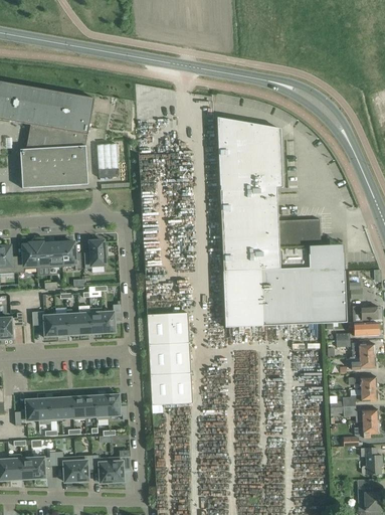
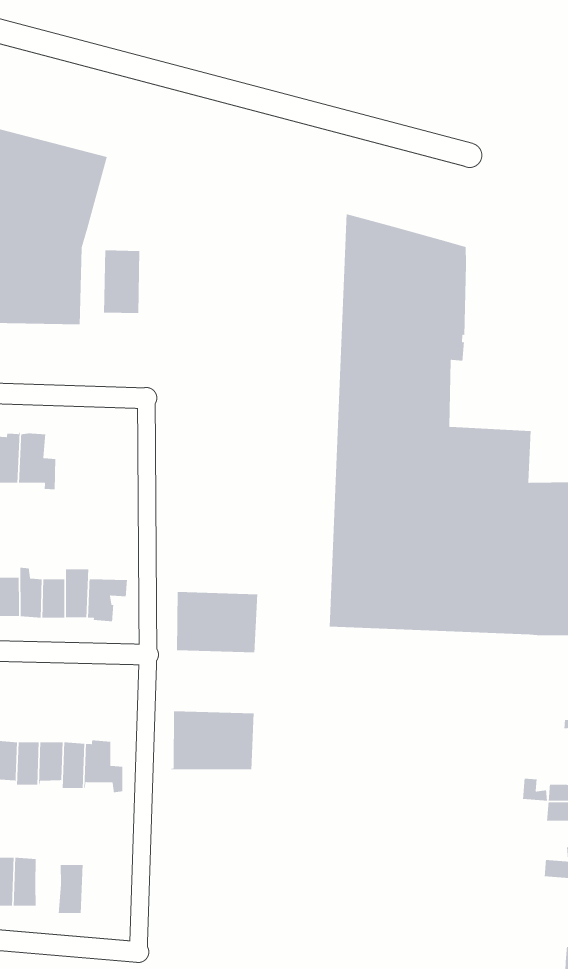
building: [88,238,107,266] -> none
building: [148,343,190,375] -> none
building: [110,456,130,483] -> none

